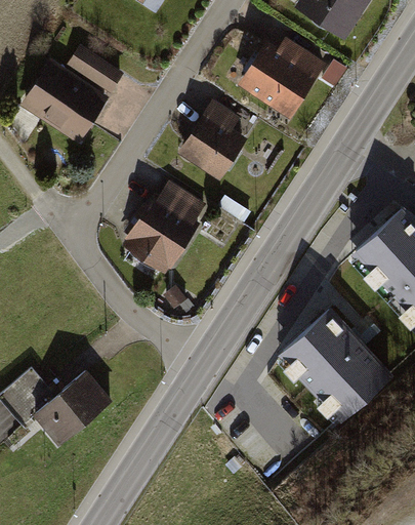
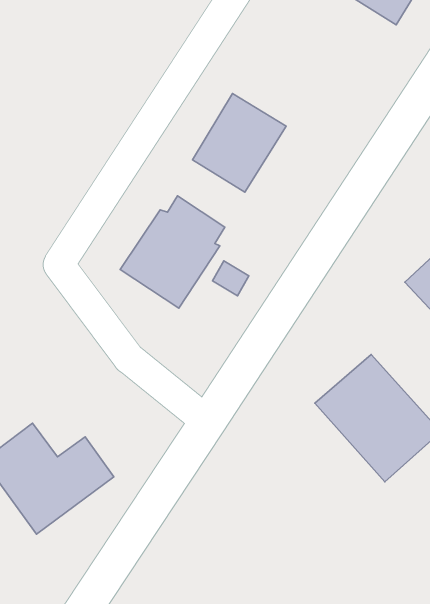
building: [238,35,328,117] -> none
building: [30,55,126,152] -> none

